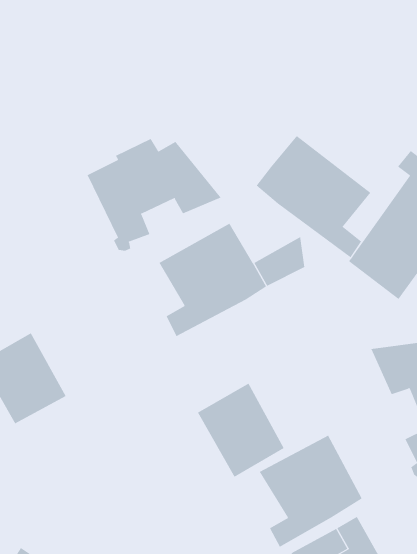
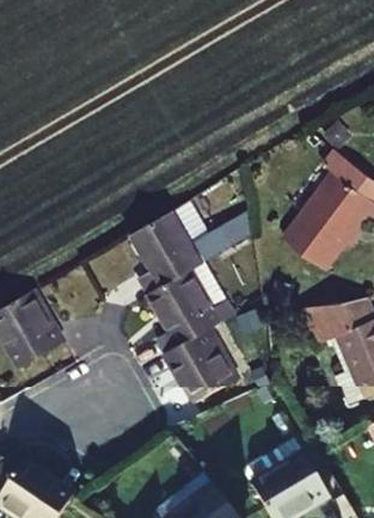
building: [256,135,371,258] -> none
building: [87,138,221,252] -> none
building: [259,435,363,548] -> [148,265,232,356]

